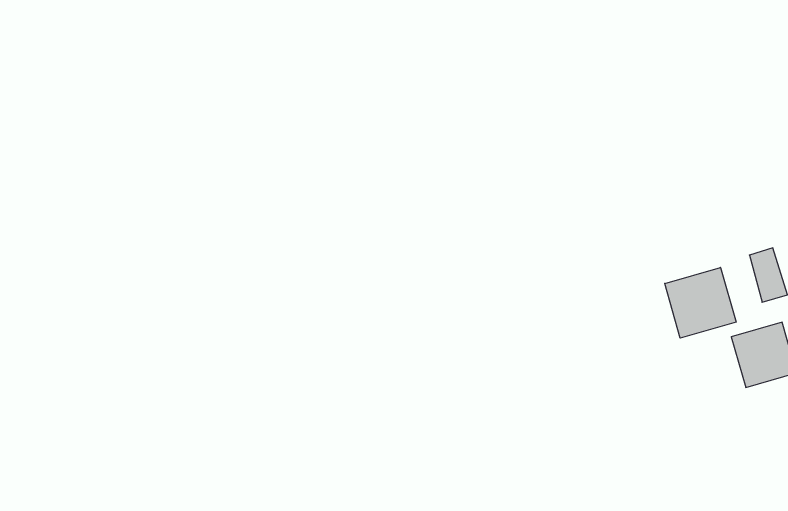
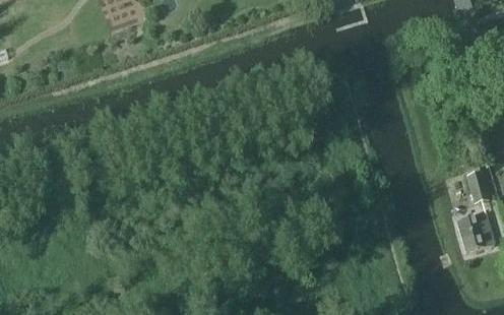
building: [665,267,736,338] -> none

